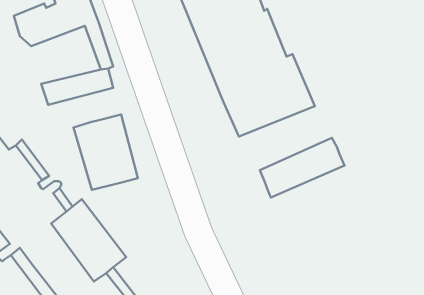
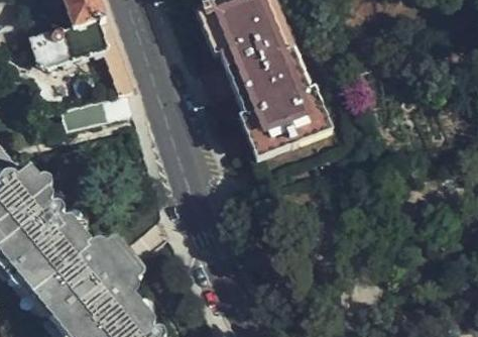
building: [73,114,138,190] -> none
building: [260,138,344,197] -> none

